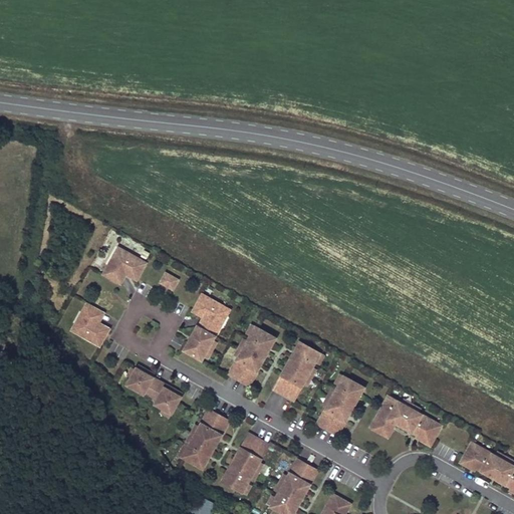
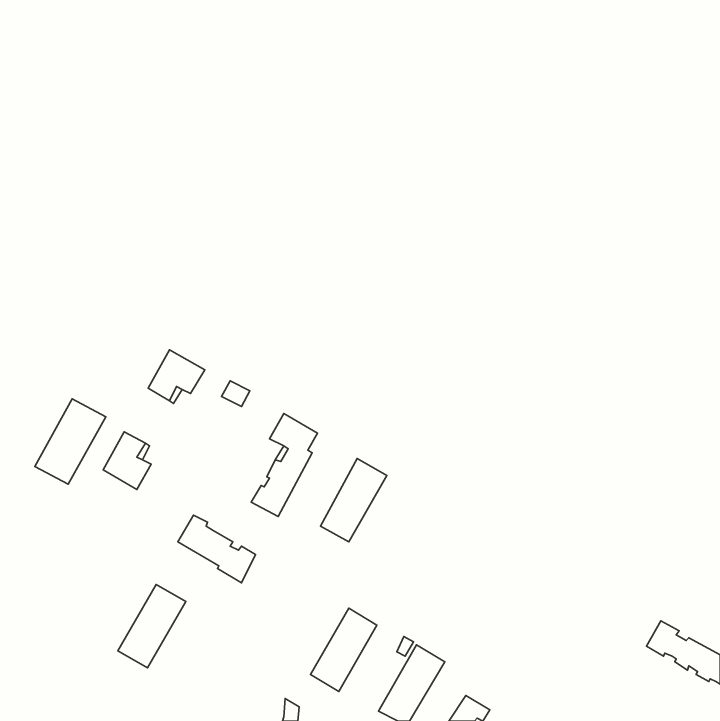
building: none -> [35,399,106,484]
building: [272,341,319,401] -> none
building: [316,376,363,436] -> none
building: [370,396,441,444] -> none
building: [181,409,229,468] -> [118,585,186,668]

